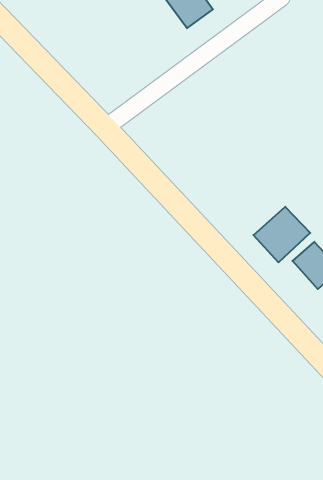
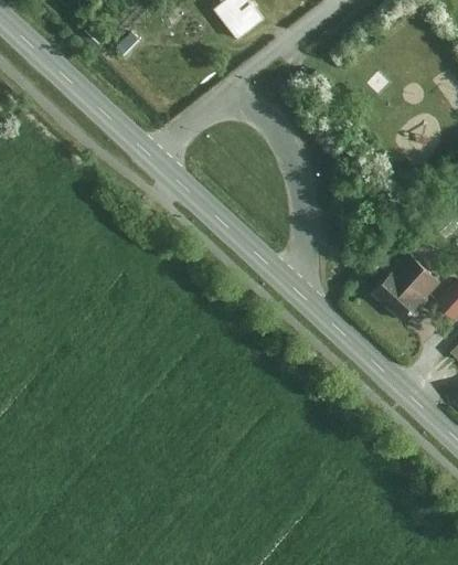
building: [253,207,310,262] -> none

